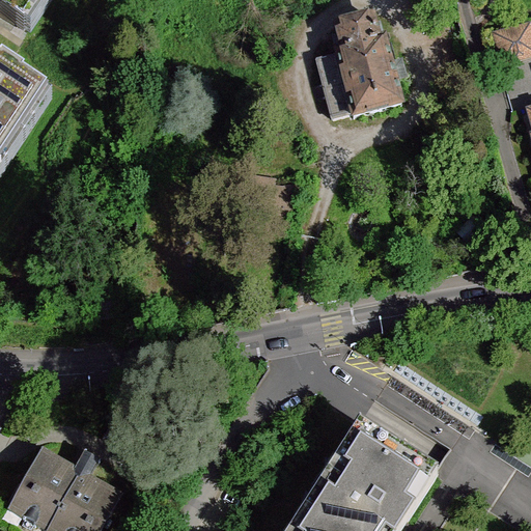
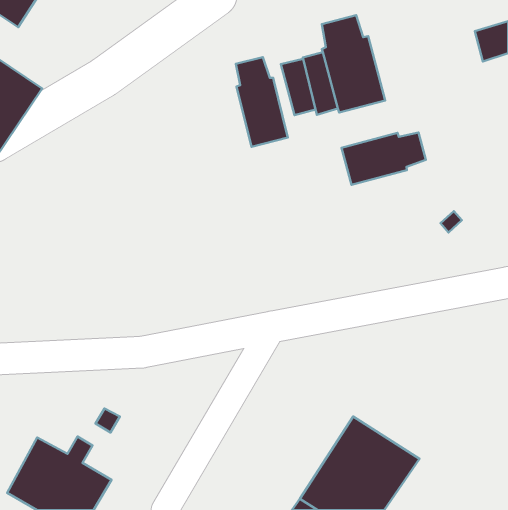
building: none -> [236,57,288,147]
building: none -> [281,59,316,115]
building: none -> [342,133,426,185]

